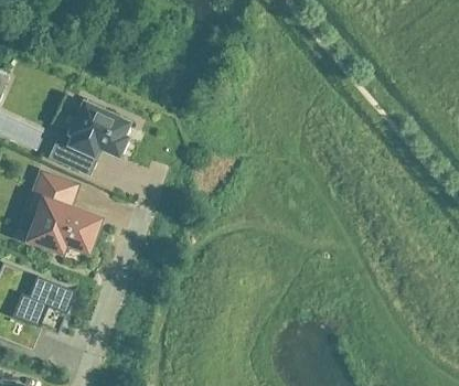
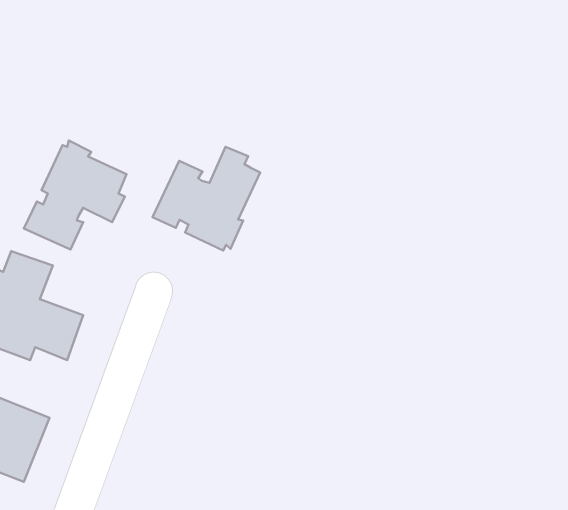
building: none -> [152,147,260,250]

